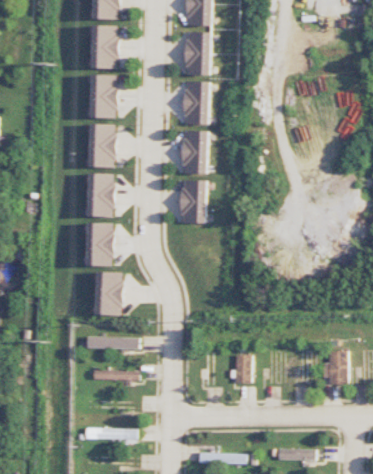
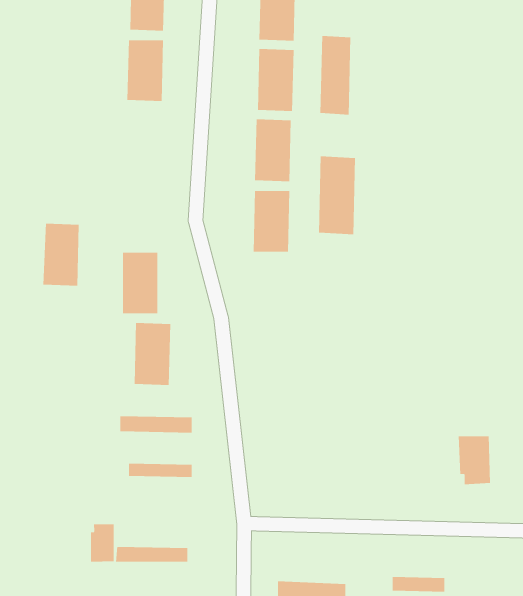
building: none -> [320,35,351,115]
building: [90,124,115,167] -> none
building: none -> [318,155,356,235]
building: [88,173,114,217] -> [42,223,80,286]
building: [231,355,248,382] -> none
building: none -> [90,523,114,563]

